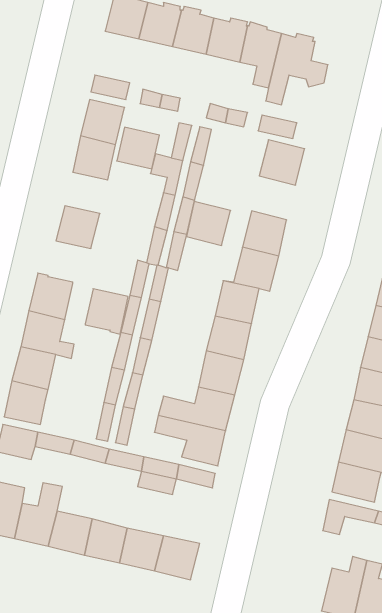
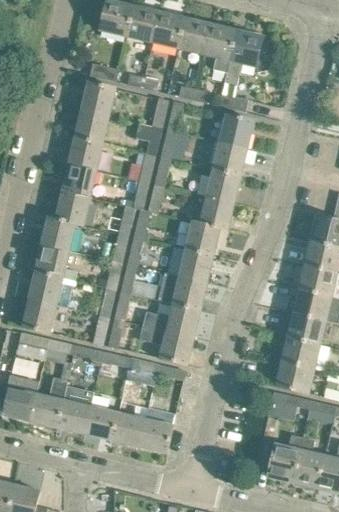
building: [117,127,159,169] -> [69,137,102,169]
building: [187,201,231,245] -> [213,140,247,174]
building: [85,289,128,334] -> [56,190,89,225]

